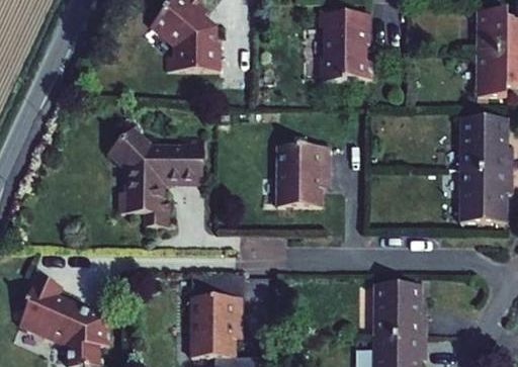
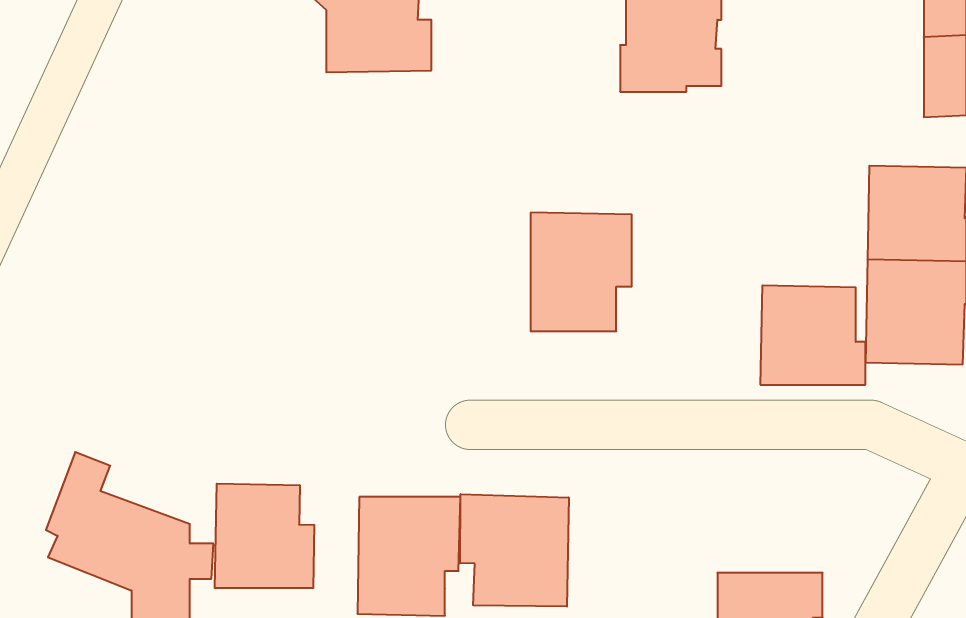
building: [107,124,201,219] -> none
building: [373,281,428,333] -> [760,285,865,385]
building: none -> [215,484,314,588]
building: none -> [460,494,569,607]

